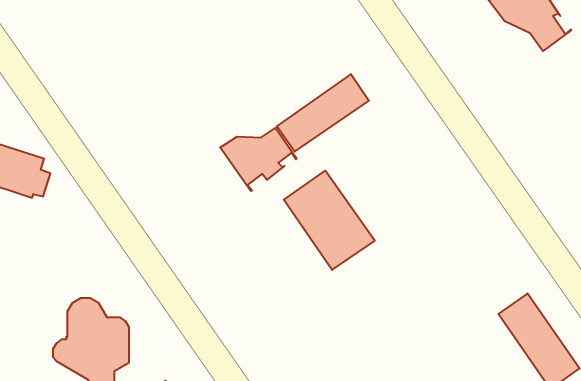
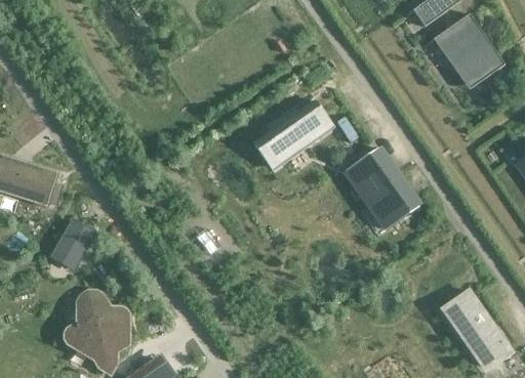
building: [220,128,296,191] -> none
building: [284,171,375,270] -> [339,143,416,227]
building: none -> [56,213,97,261]

